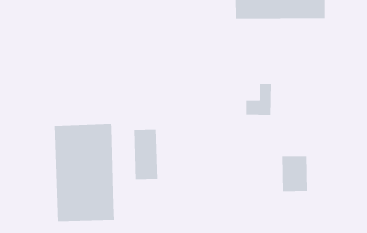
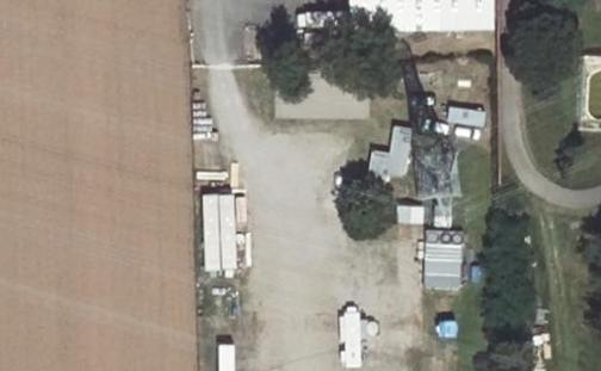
building: [54,123,115,222] -> none

